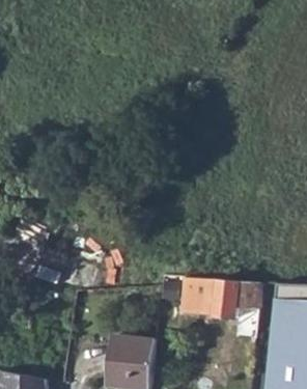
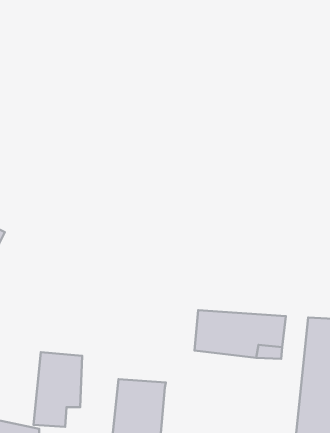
building: none -> [33,352,82,427]

